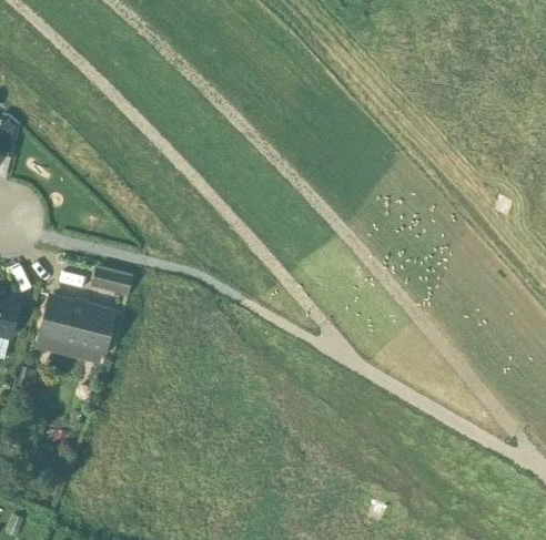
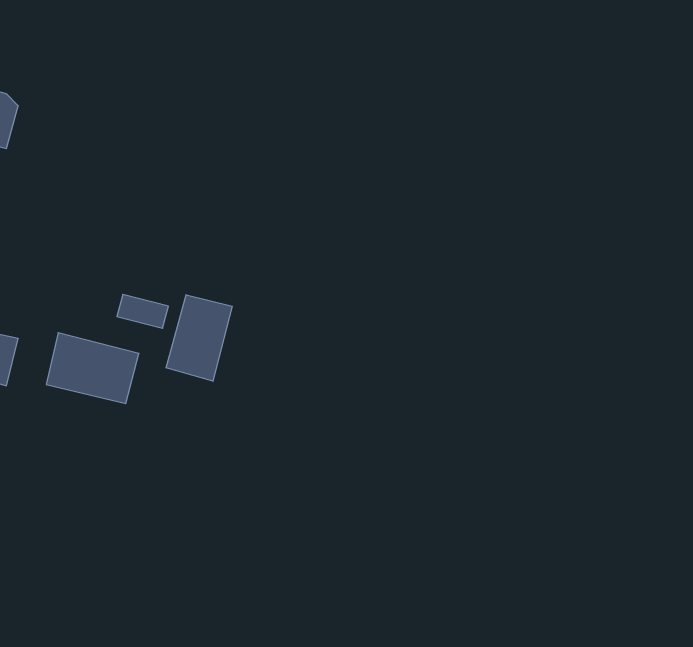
building: none -> [166,295,232,381]

